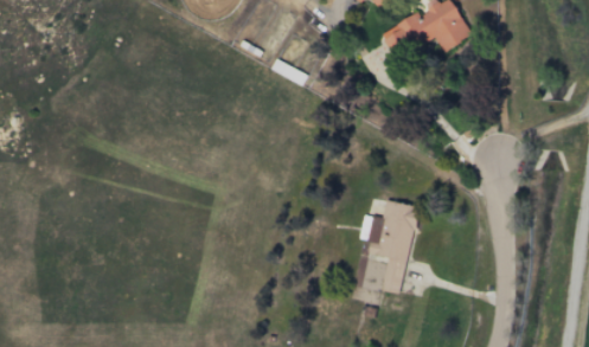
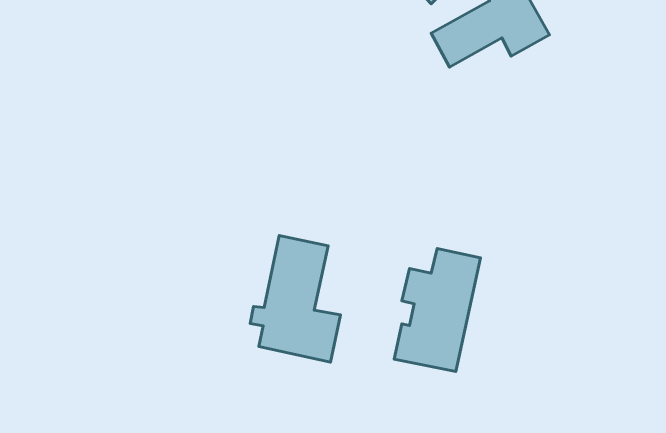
building: none -> [250,236,341,362]

